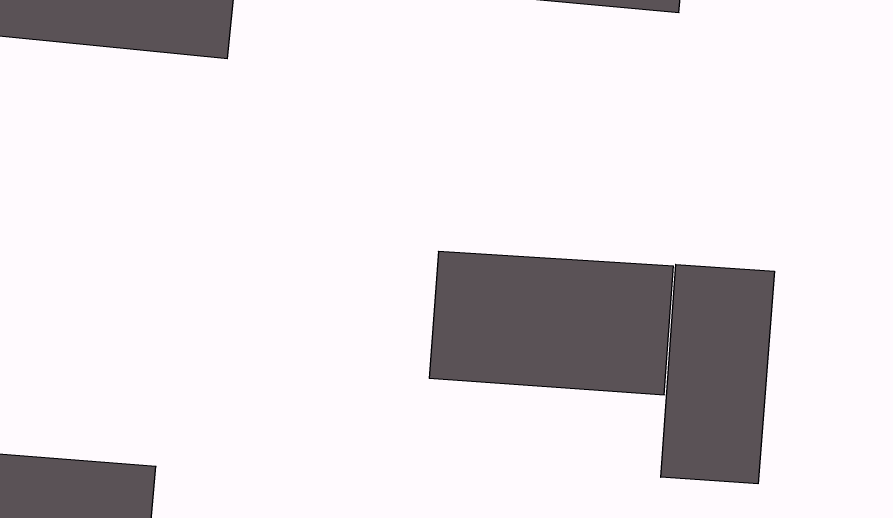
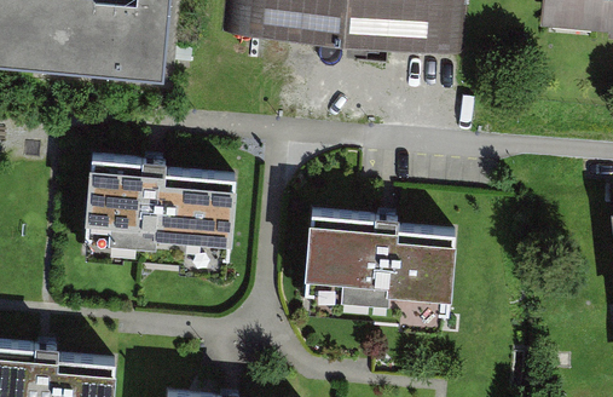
building: none -> [74,149,235,253]
building: [661,264,774,484] -> none

